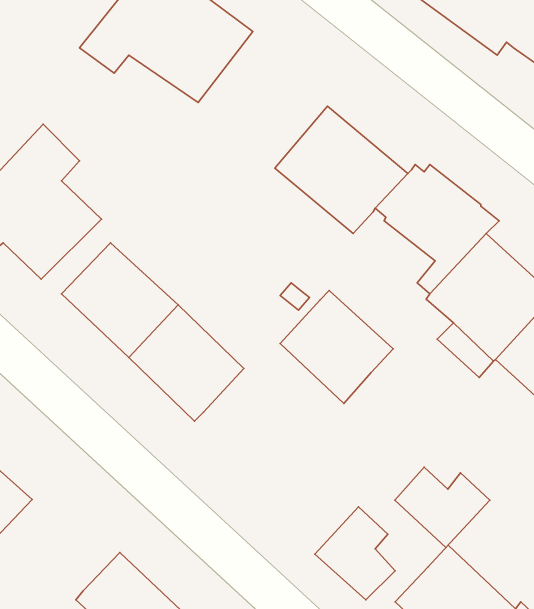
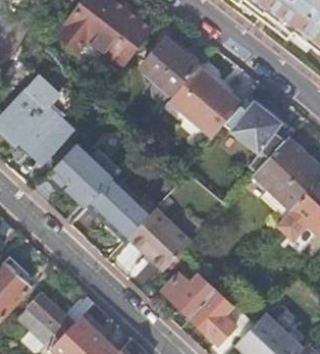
building: none -> [142,36,200,93]
building: [280,291,393,404] -> [128,207,192,270]
building: [395,467,490,547] -> [162,271,215,316]
building: none -> [30,293,94,337]

